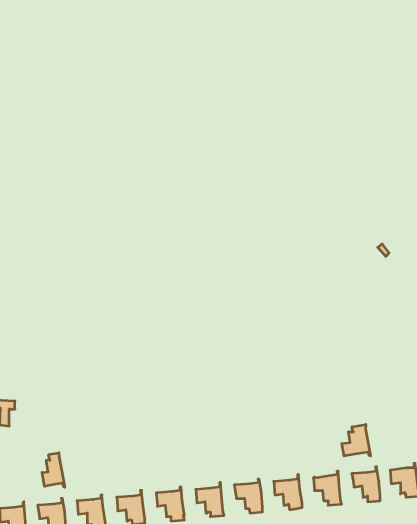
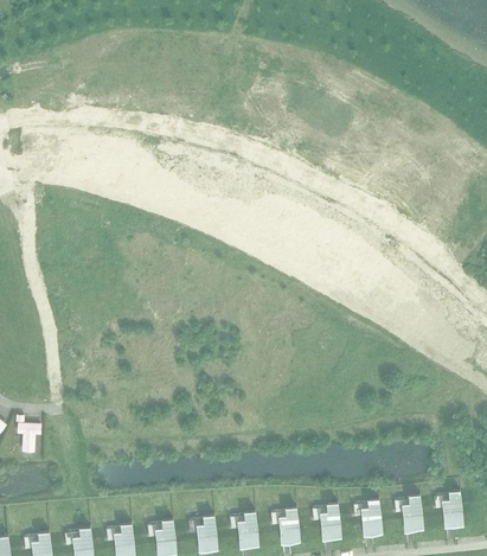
building: [342,424,371,456] -> none
building: [42,453,65,487] -> none

